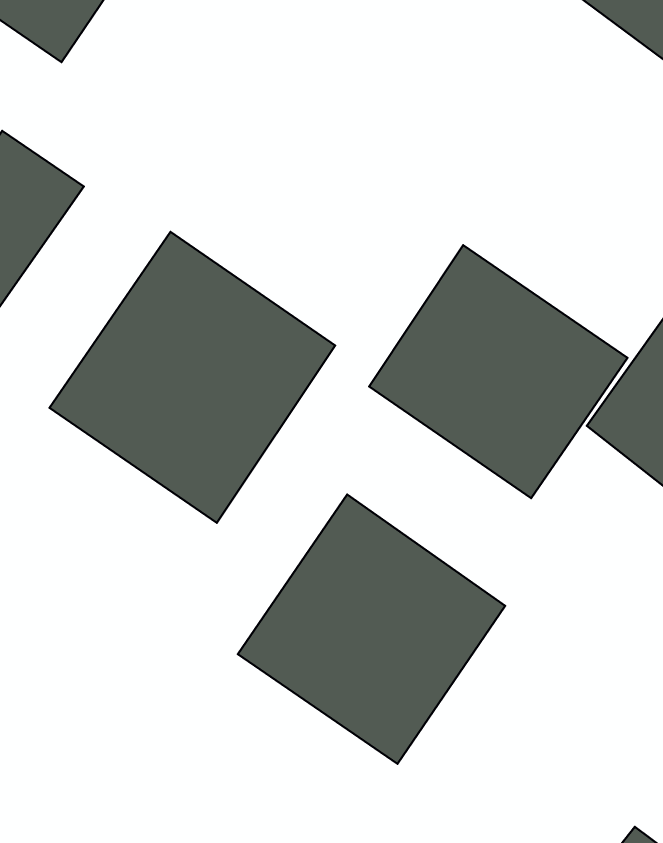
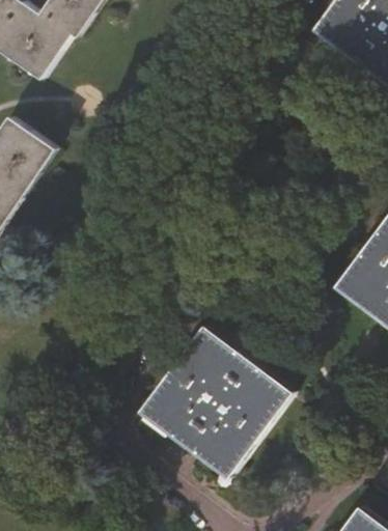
building: [49,232,335,523] -> none
building: [369,245,627,498] -> none

